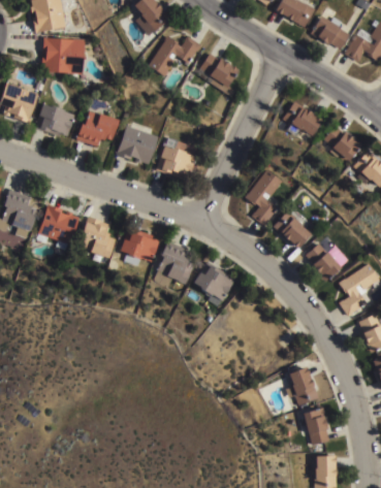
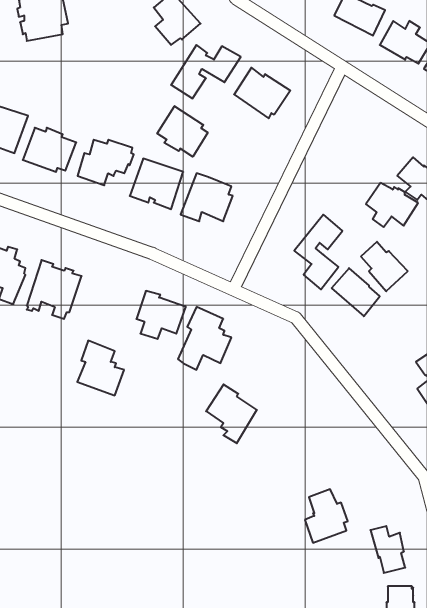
building: [41,39,84,75] -> none
building: none -> [157,106,208,157]
building: [282,101,322,135] -> [366,183,418,227]
building: [81,215,117,257] -> [77,341,124,395]
building: [305,242,341,281] -> [361,242,408,291]
building: [195,260,234,305] -> [206,384,257,443]
building: [286,365,319,406] -> [305,489,348,543]

